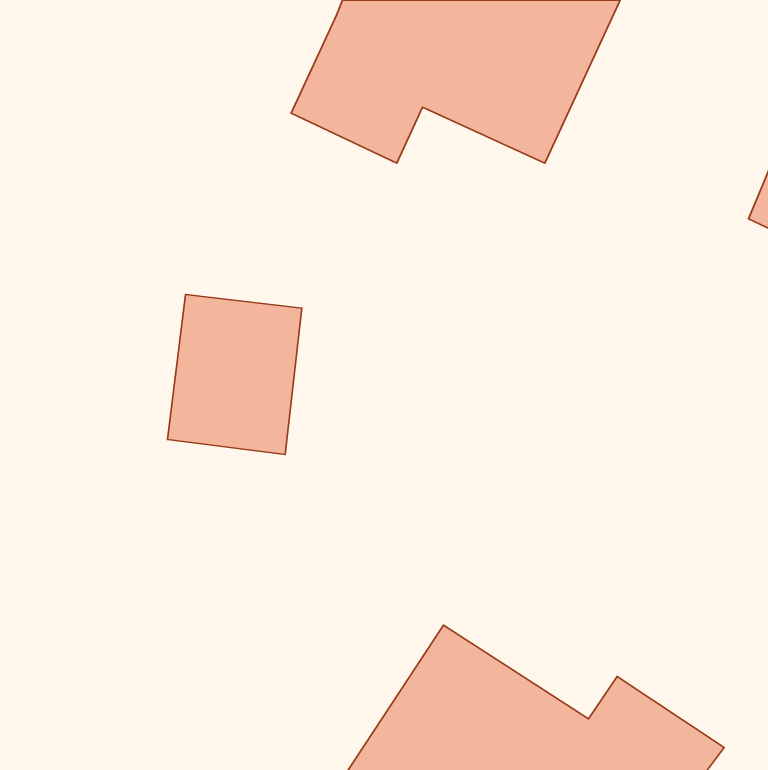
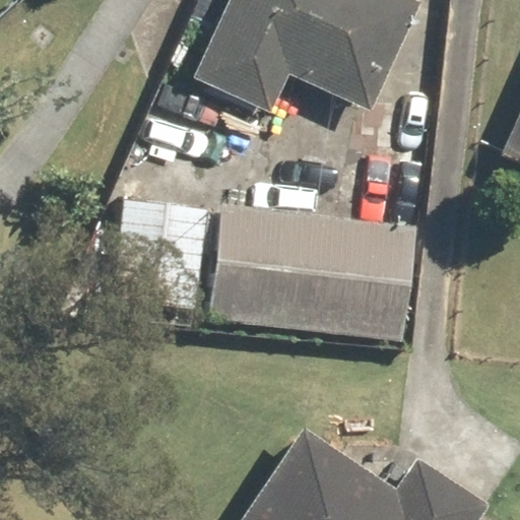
building: none -> [217,204,409,340]

